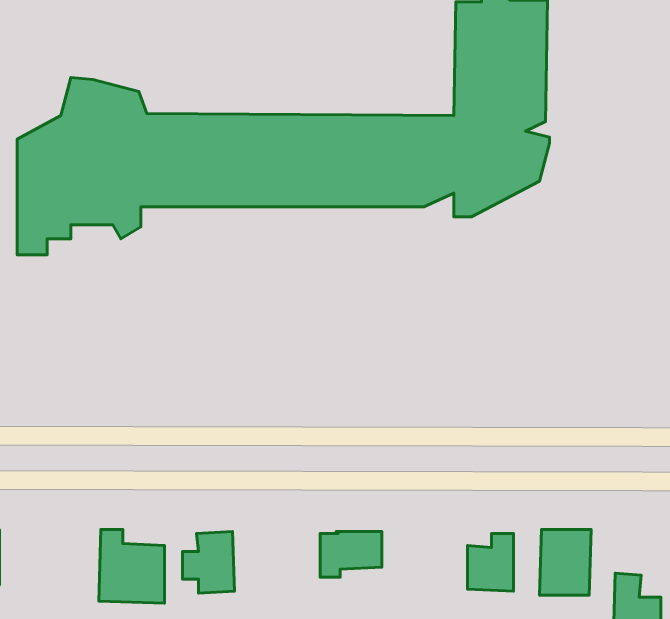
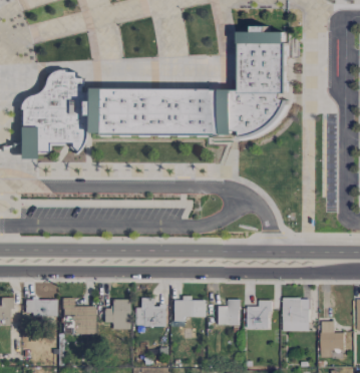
building: none -> [134,298,165,327]
building: none -> [218,298,241,325]
building: none -> [25,299,57,320]

